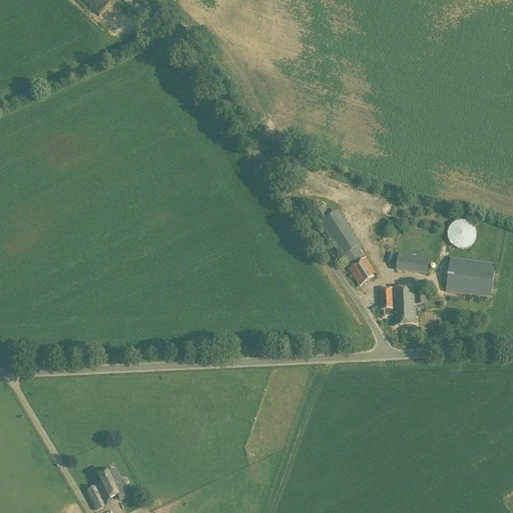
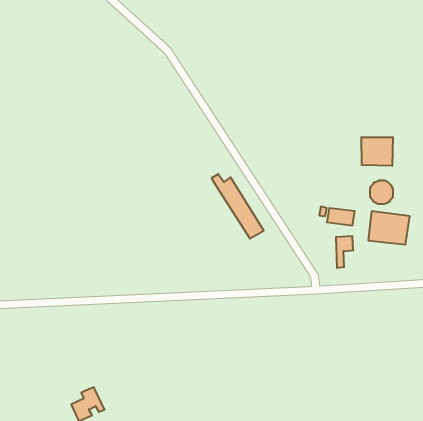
building: none -> [361,137,393,166]
building: [313,205,376,284] -> [212,174,264,239]
building: [379,287,407,324] -> none

